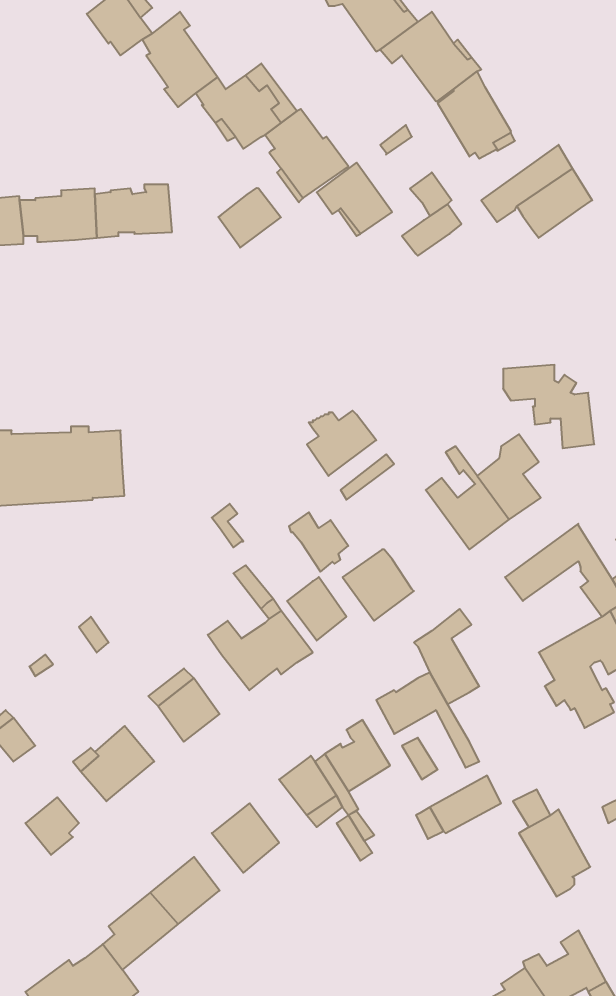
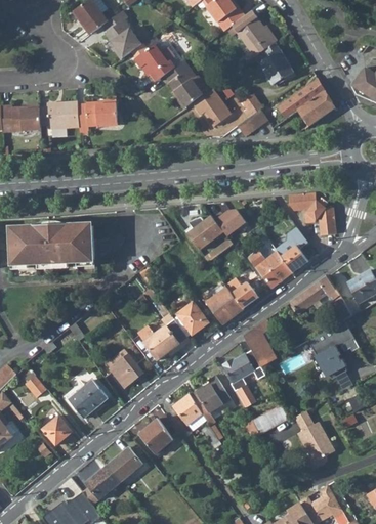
building: [218,188,281,248] -> none
building: none -> [213,209,247,236]
building: [289,512,348,572] -> [225,277,256,308]

